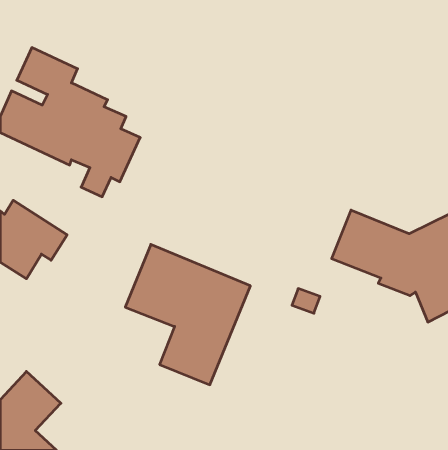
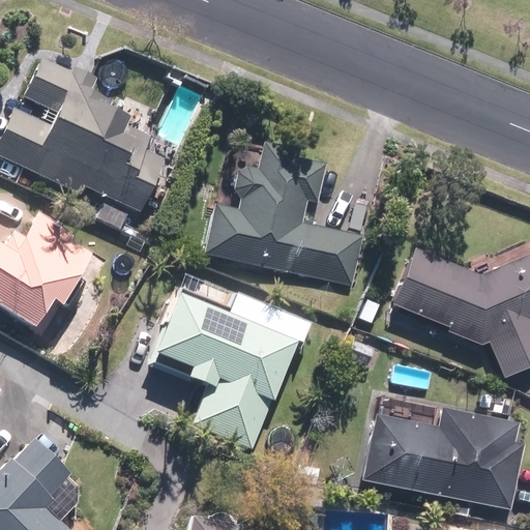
building: none -> [204,147,361,285]
building: none -> [361,406,524,508]

